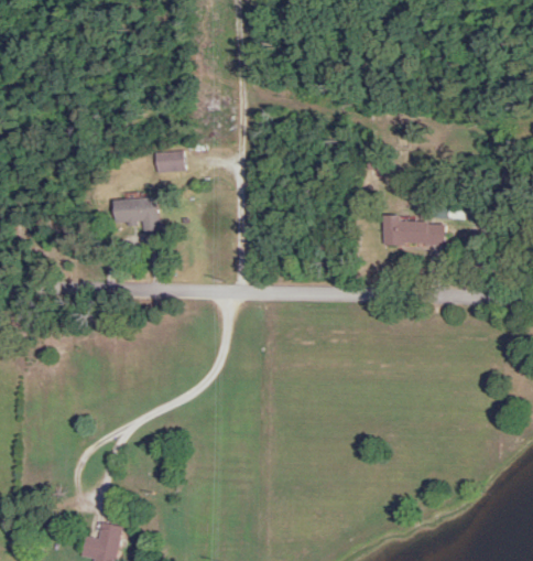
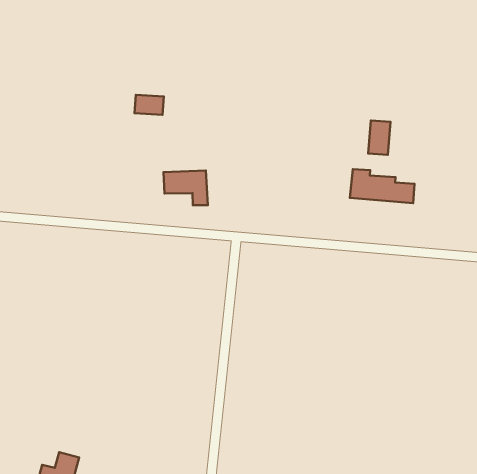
building: none -> [368,120,391,155]
building: [112,195,160,231] -> [164,170,208,205]

